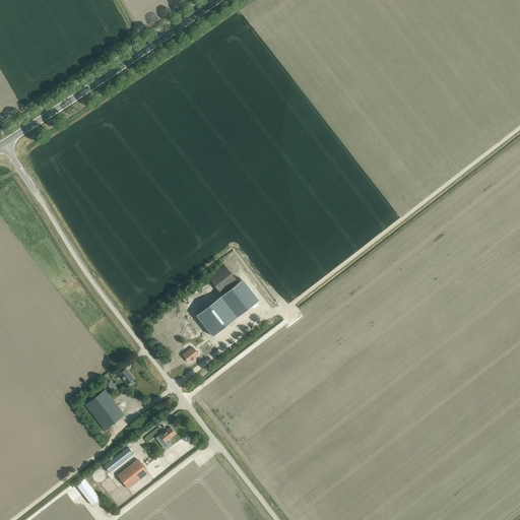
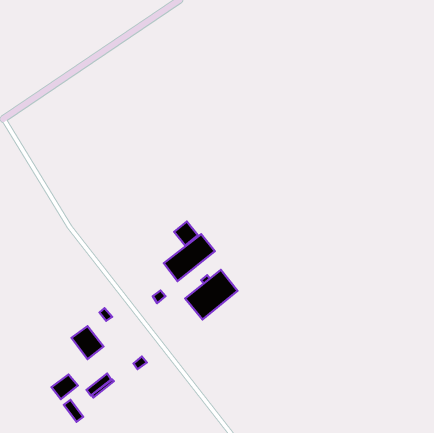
building: none -> [185,270,238,320]
building: [117,460,148,490] -> [52,375,78,399]

